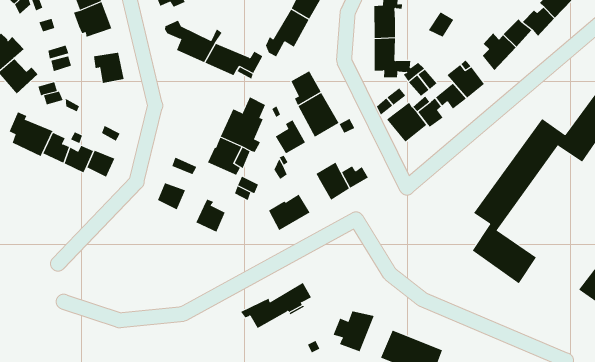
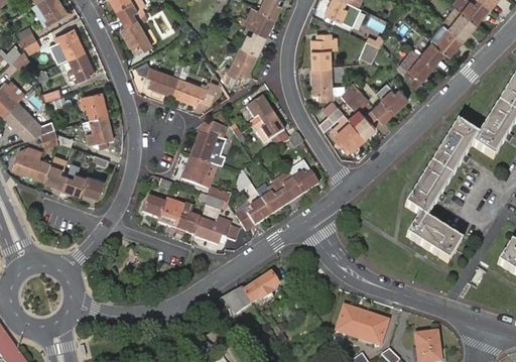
building: none -> [90,115,113,144]
building: [275,120,306,154] -> [260,186,286,215]
building: none -> [158,201,182,230]
building: none -> [194,219,238,246]
building: [333,311,374,352] -> none

